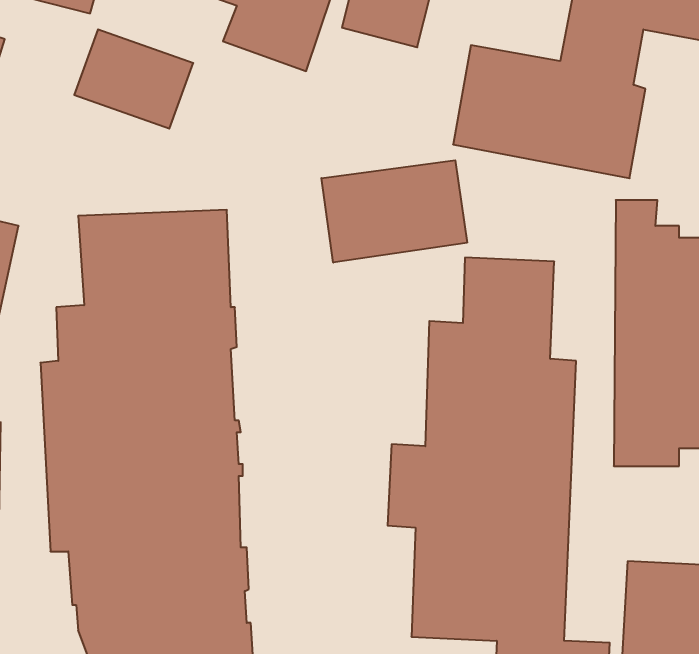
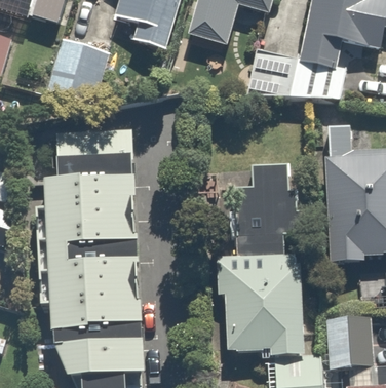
building: [321,160,467,263] -> none

